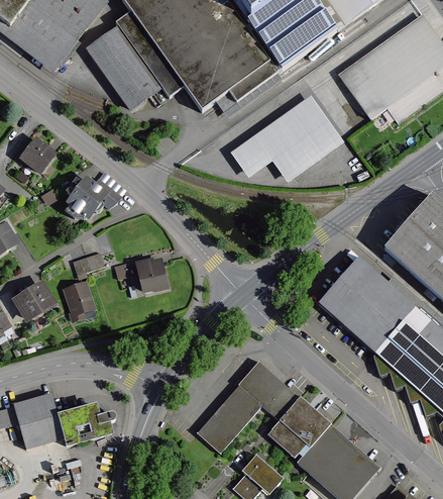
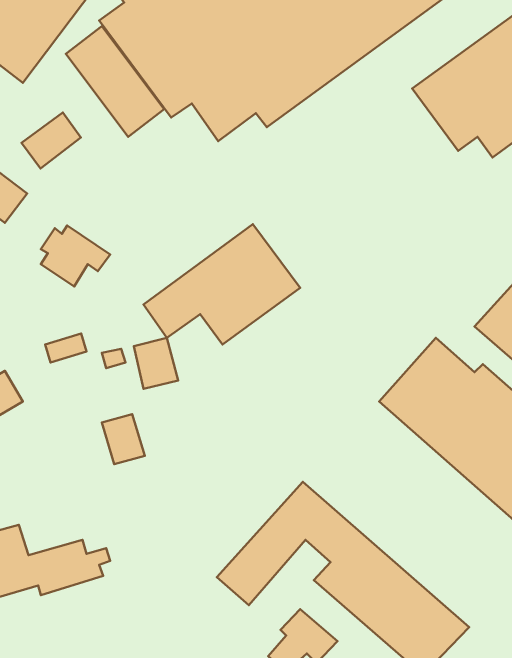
building: none -> [21,113,81,168]
building: [231,94,345,182] -> [143,224,300,345]
building: [63,280,94,316] -> [102,414,145,464]

